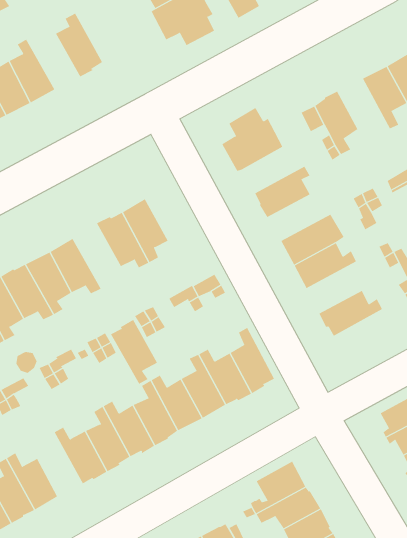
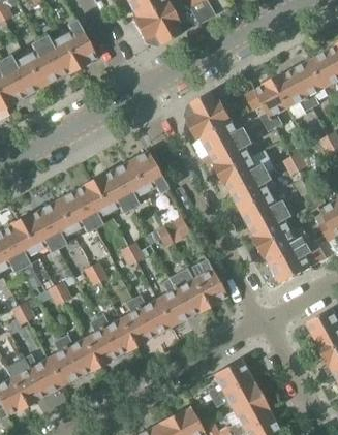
building: none -> [38,35,79,77]
building: none -> [274,69,313,112]
building: none -> [202,121,249,156]
building: none -> [128,151,167,193]
building: none -> [220,157,269,192]
building: none -> [250,208,294,247]
building: none -> [271,244,313,283]
building: [110,319,158,385] -> [73,179,110,228]
building: none -> [47,337,81,385]

